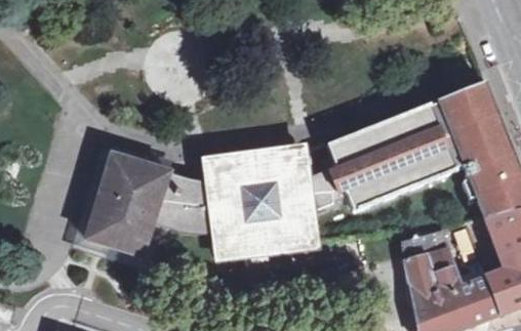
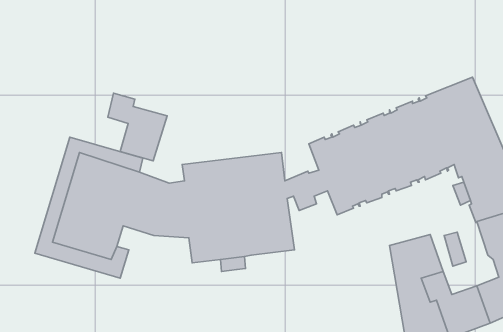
building: none -> [108,93,167,161]

